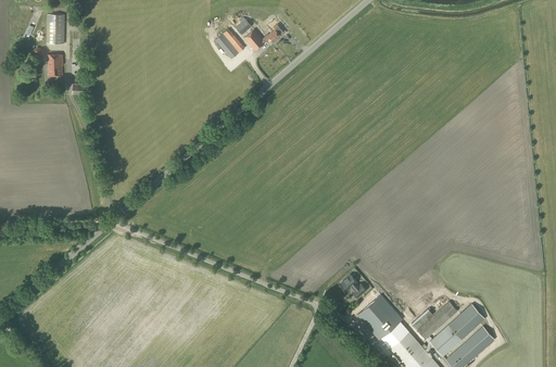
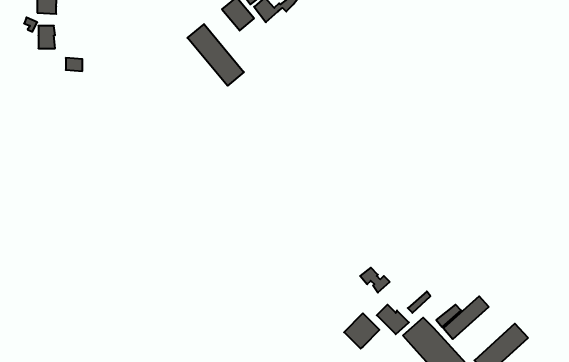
building: none -> [187,24,244,86]
building: [429,303,485,356] -> none
building: none -> [344,313,379,349]

